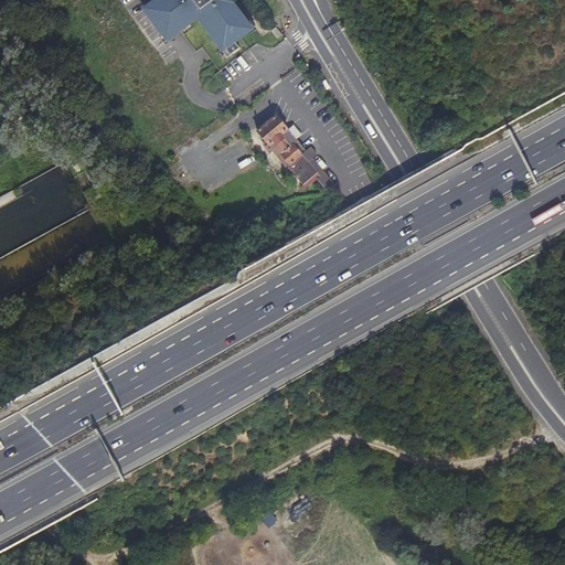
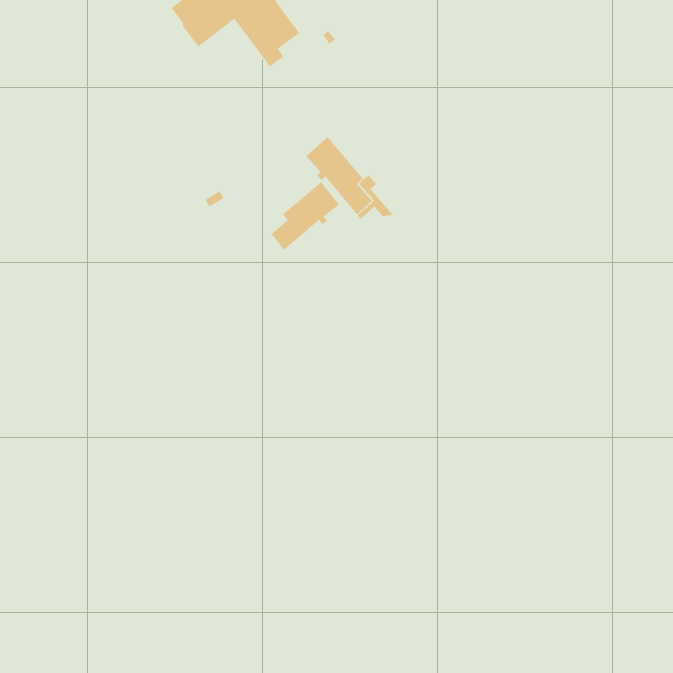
building: none -> [271,181,340,251]

